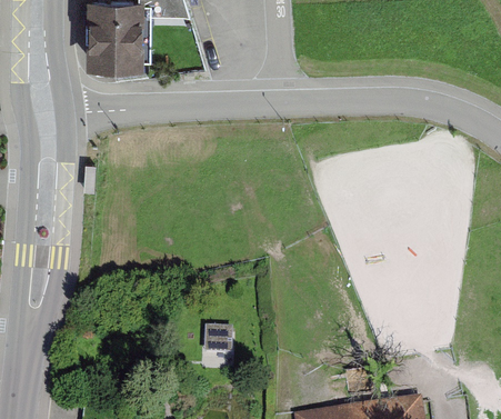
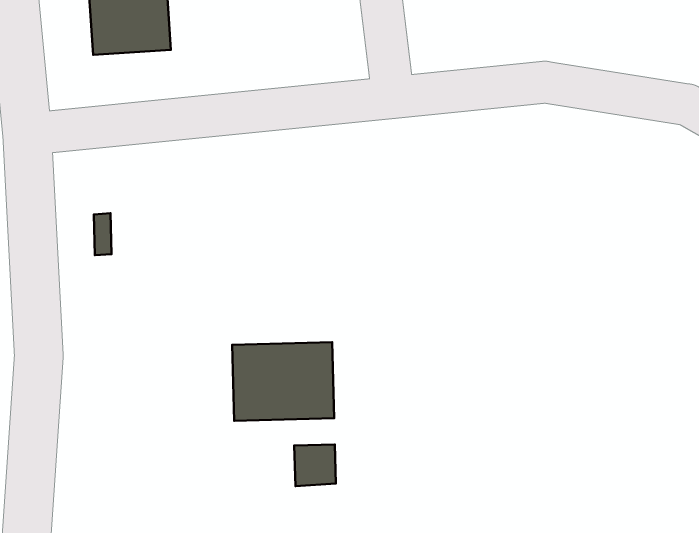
building: none -> [232,342,334,421]

